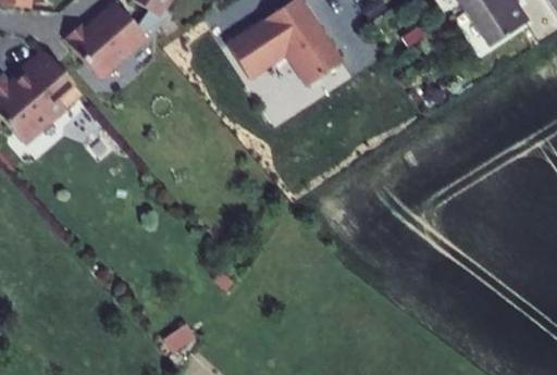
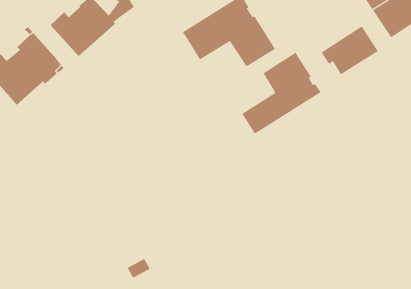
building: none -> [321,26,378,75]
building: none -> [241,52,321,134]

